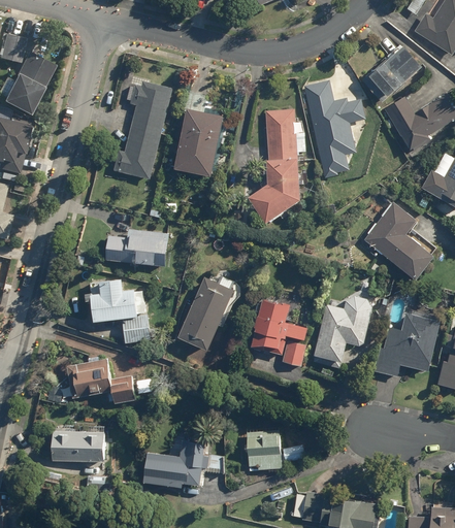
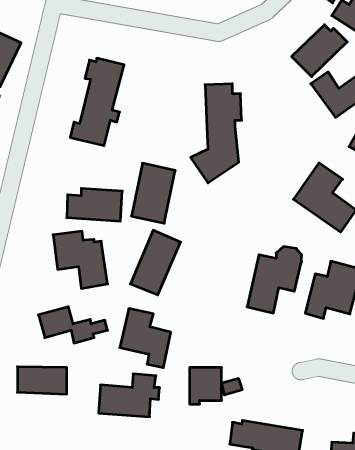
building: [301,79,364,175] -> none
building: [175,106,225,174] -> [131,163,175,223]
building: [250,300,307,367] -> [120,309,171,368]

